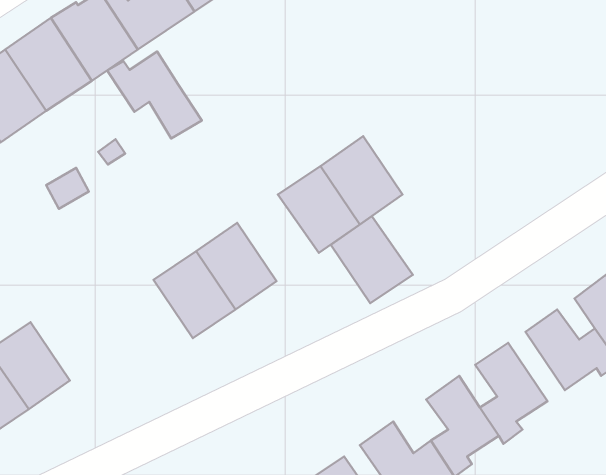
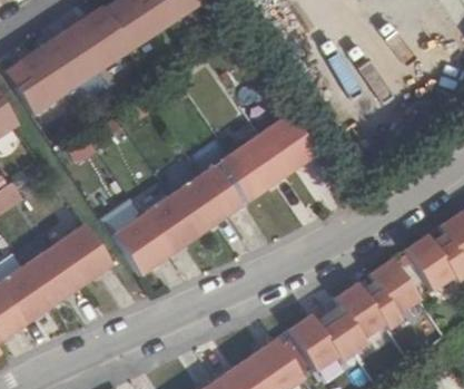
building: [107,52,202,138] -> none
building: [331,216,413,303] -> [203,153,260,214]
building: none -> [113,213,171,274]
building: none -> [57,223,115,284]

